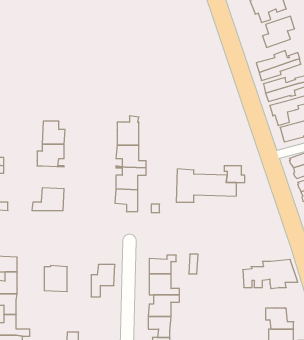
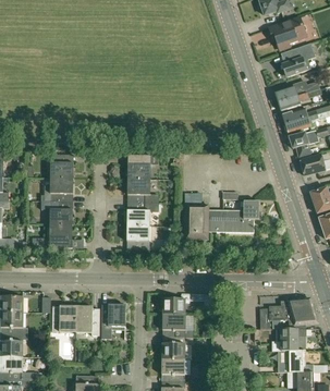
building: none -> [41,200,73,224]
building: none -> [76,306,99,334]
building: none -> [277,328,306,350]

